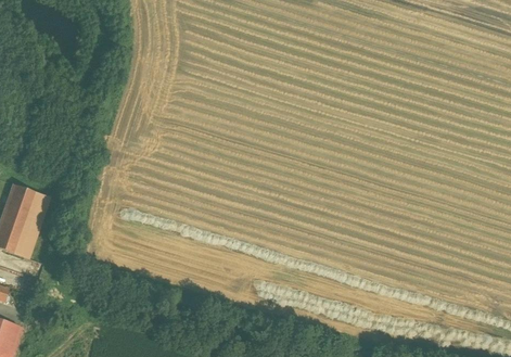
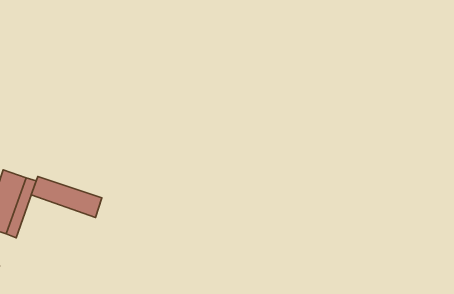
building: none -> [31,177,102,217]

